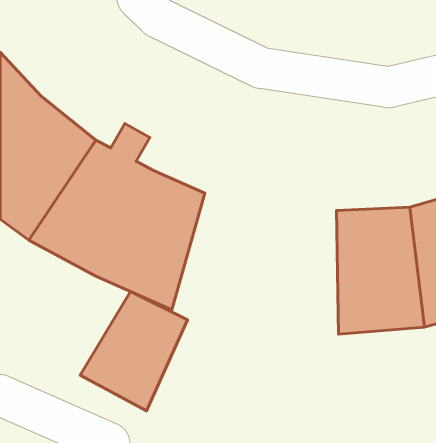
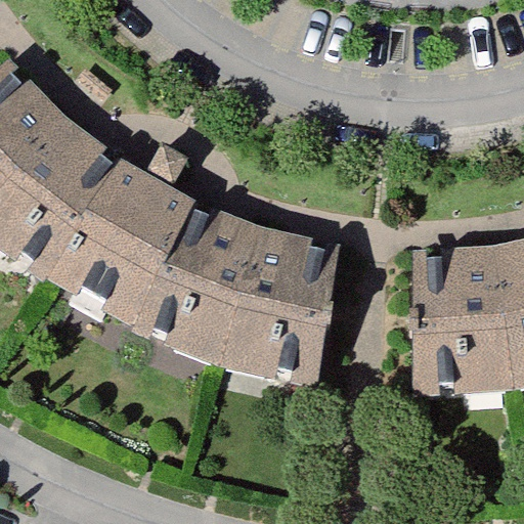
building: none -> [213,227,342,384]
building: [80,292,187,411] -> none

